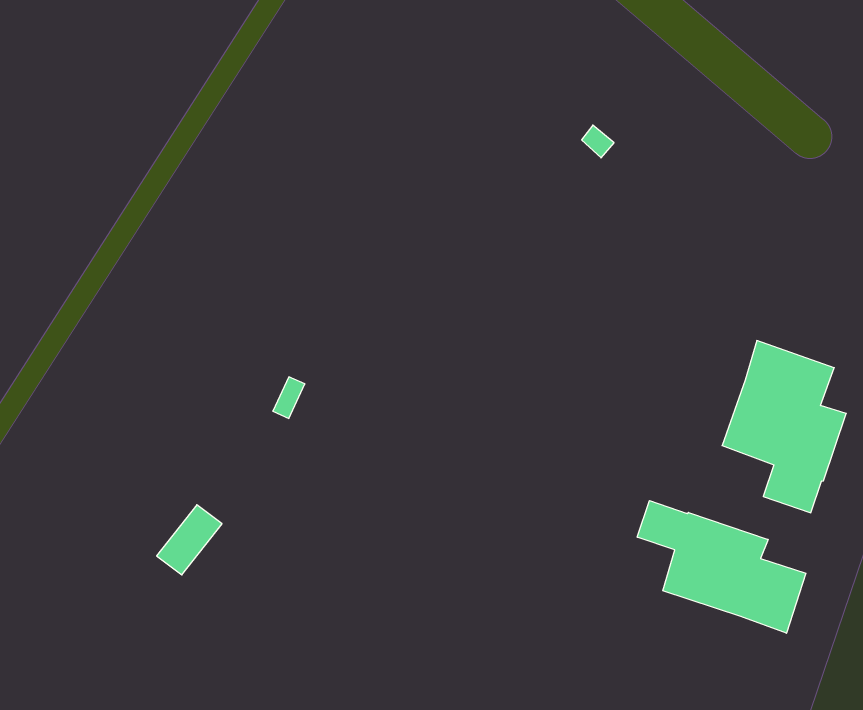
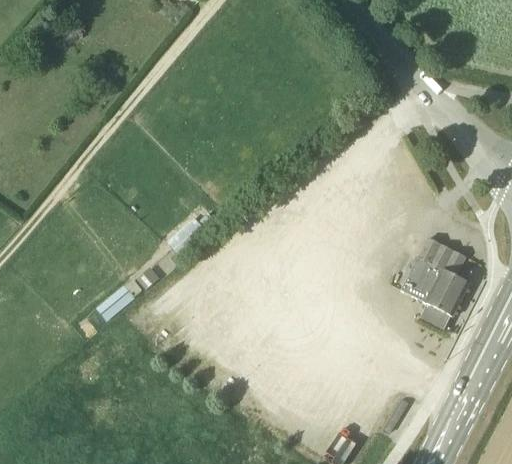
building: [637,501,806,633] -> none

